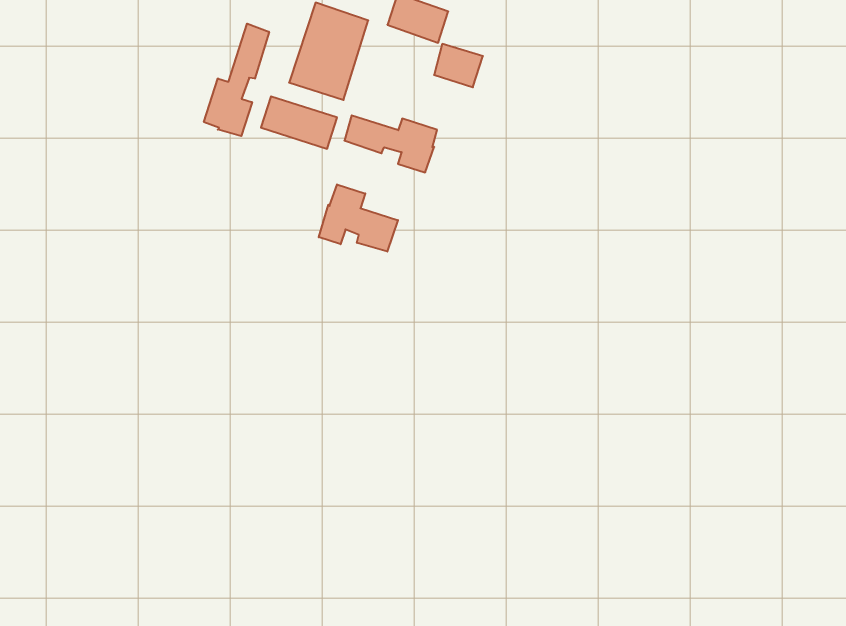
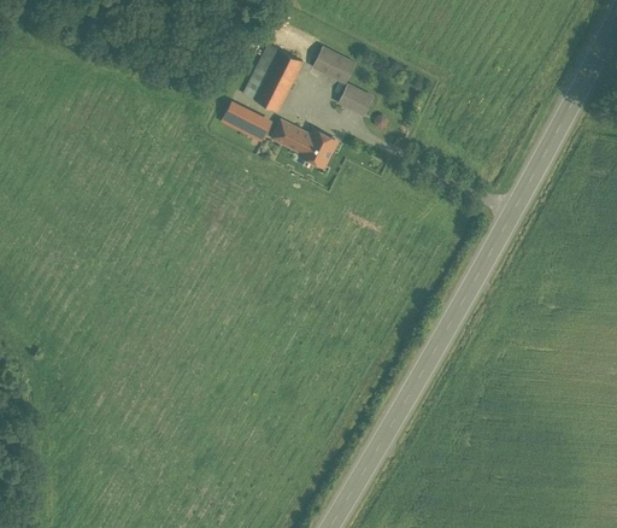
building: [204,24,269,136] -> none
building: [319,184,398,252] -> none

